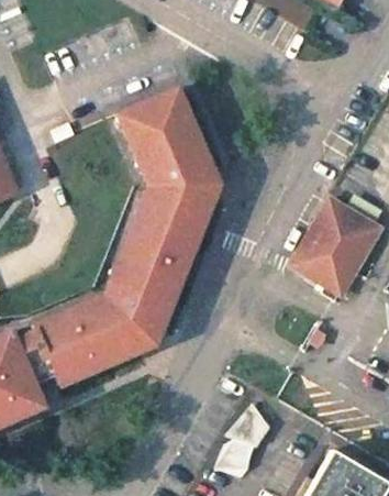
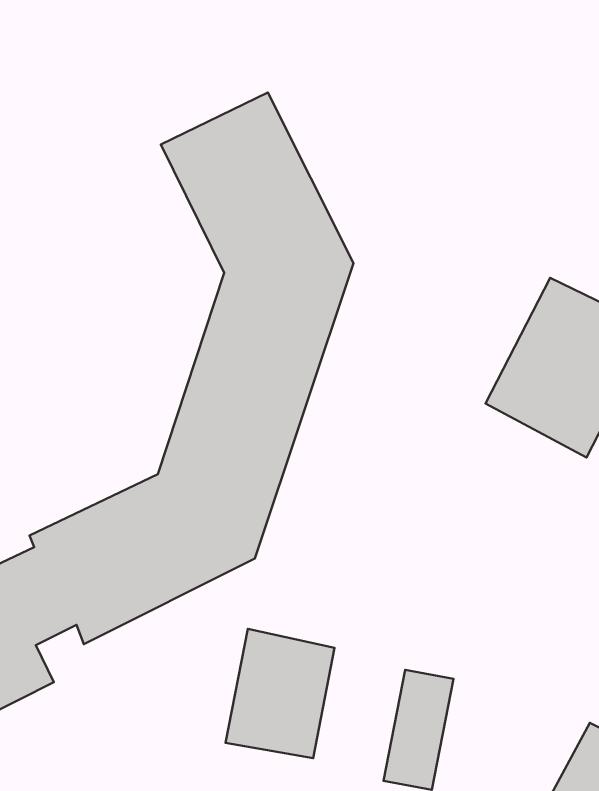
building: none -> [226,629,335,758]

